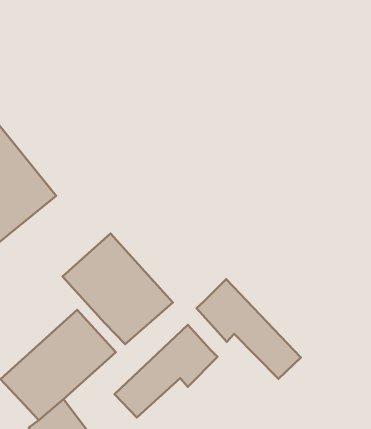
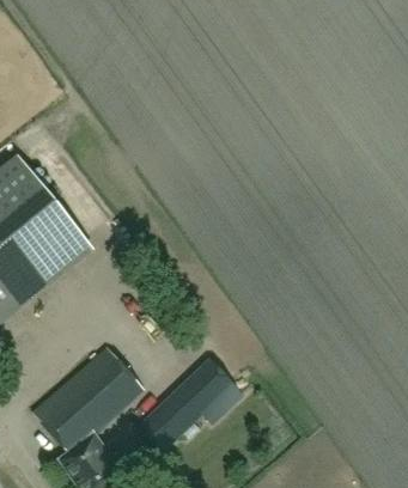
building: [63,234,173,344] -> none
building: [196,279,301,379] -> none

